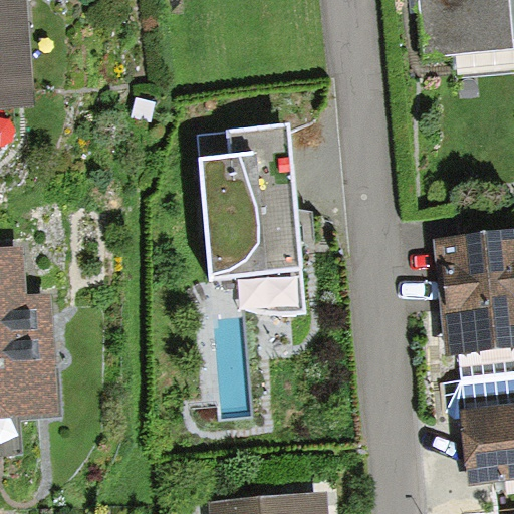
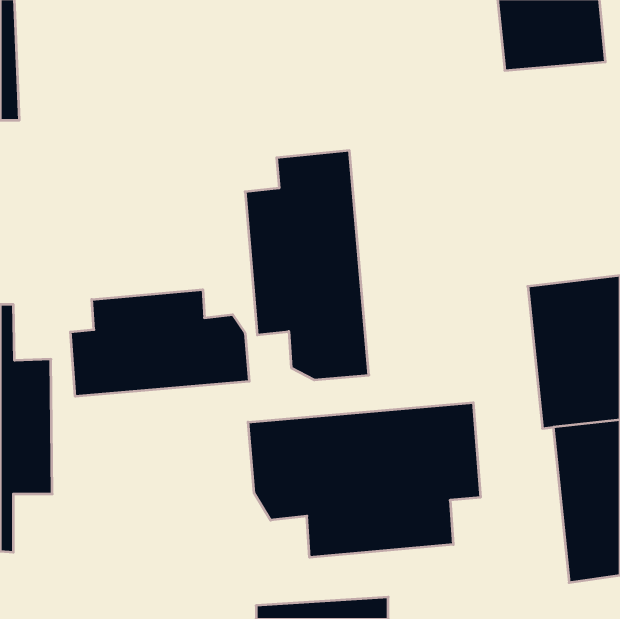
building: none -> [70,290,249,396]
building: none -> [248,403,480,557]

